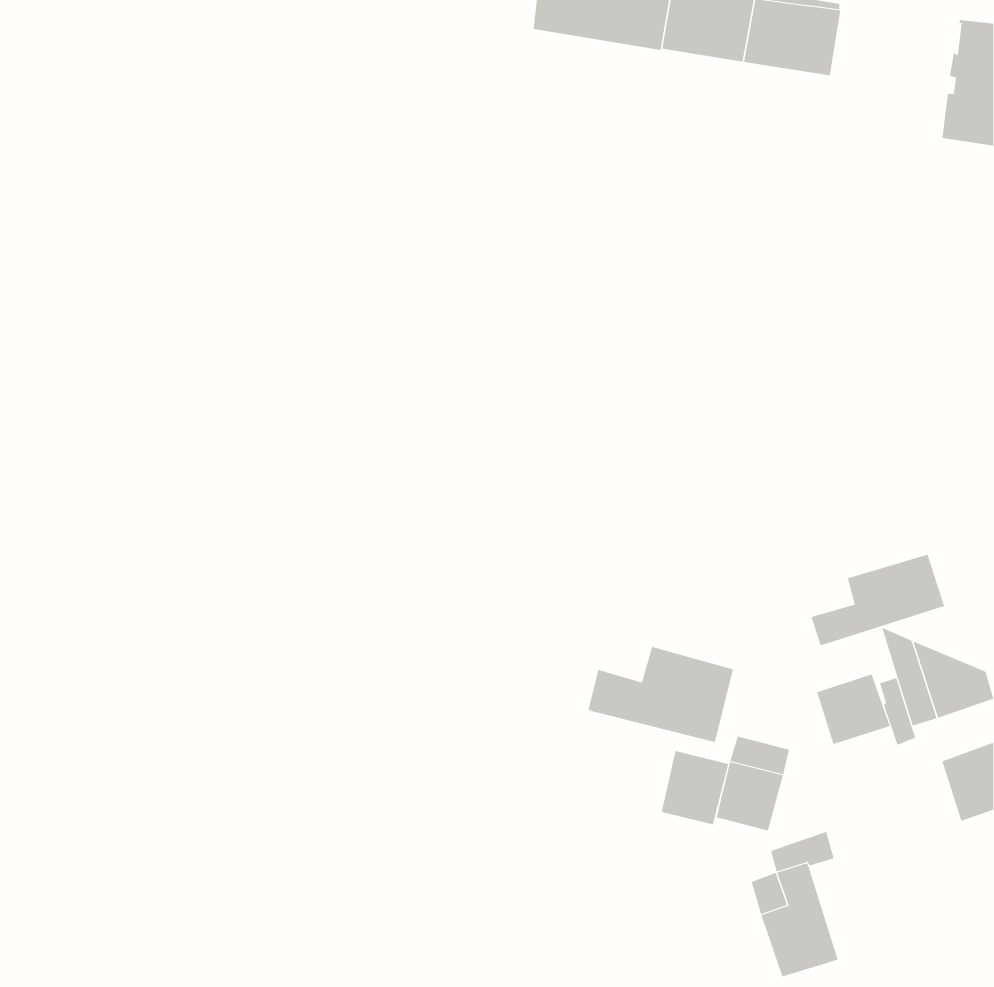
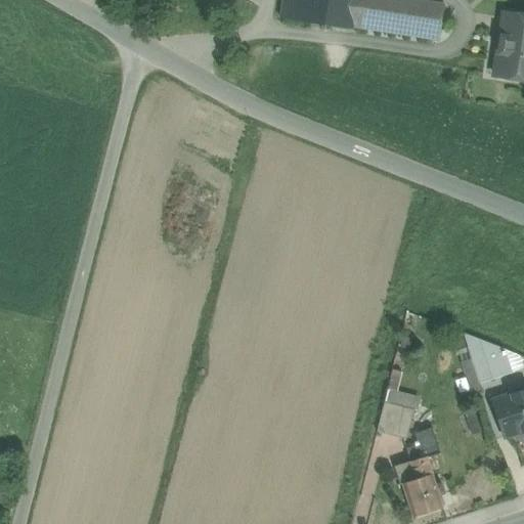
building: [811,554,945,646] -> none
building: [588,646,733,743] -> none
building: [817,674,890,745] -> none
building: [661,750,729,825] -> none

